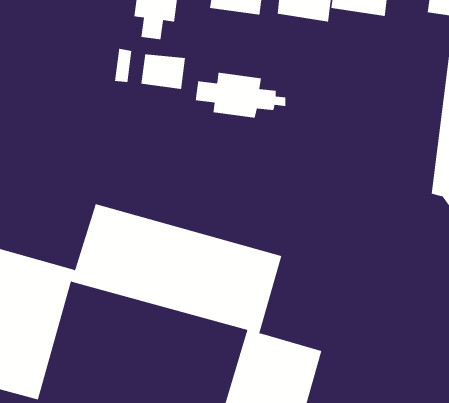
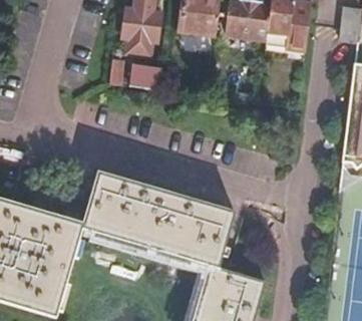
building: [195,72,286,118] -> none

